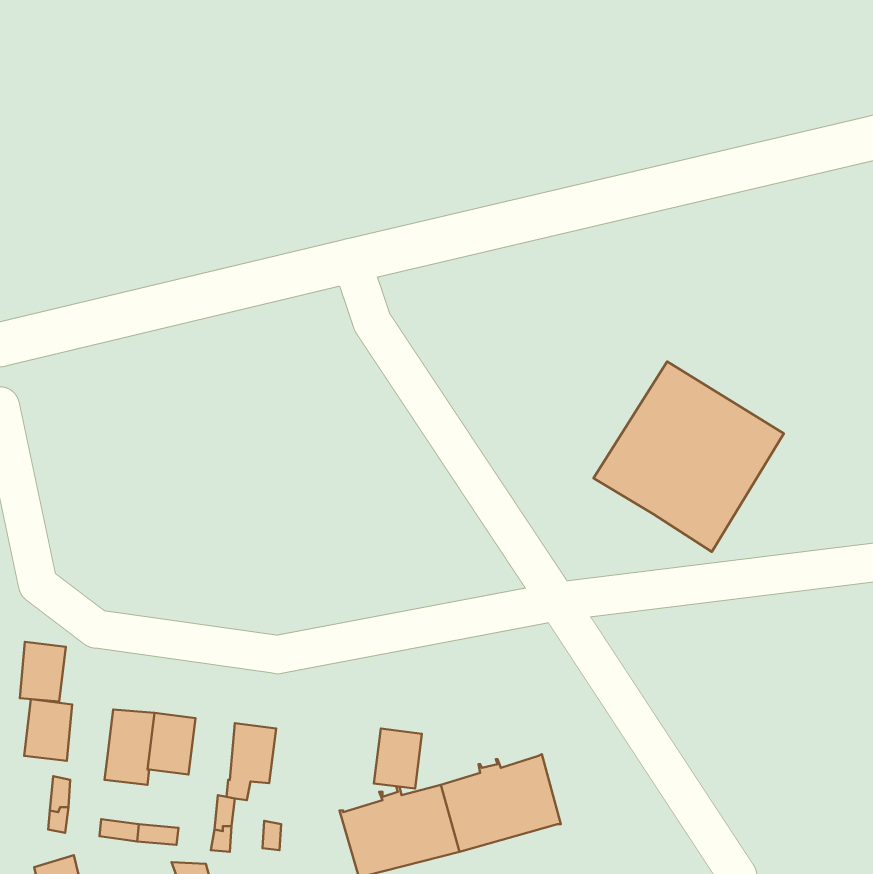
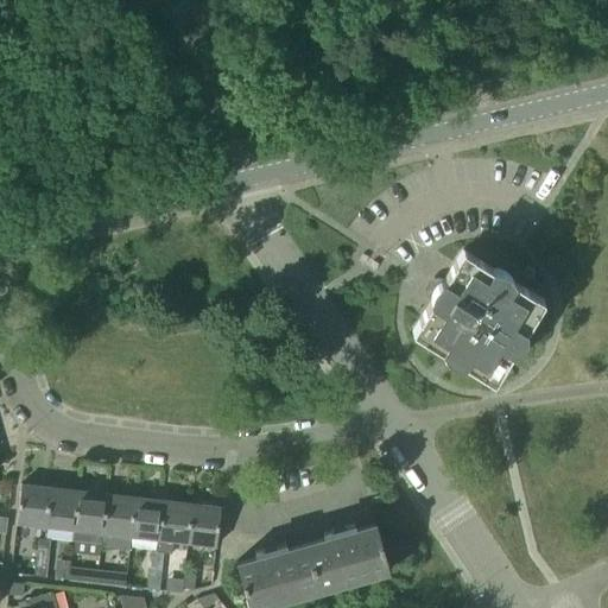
building: [20,642,66,702] -> [49,489,81,531]
building: none -> [133,499,165,542]
building: [374,729,422,789] -> [189,506,222,547]

